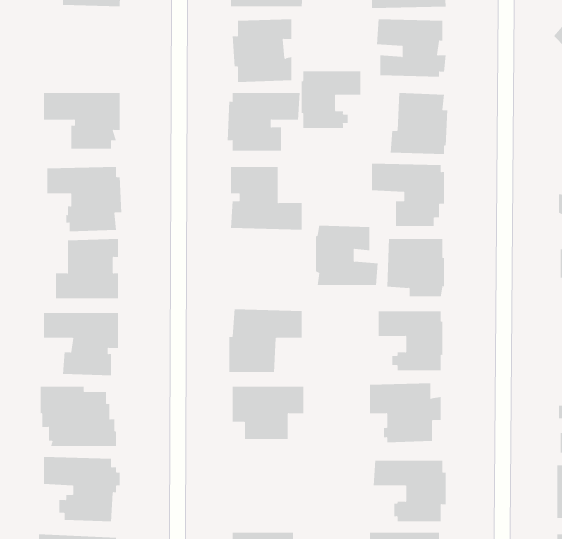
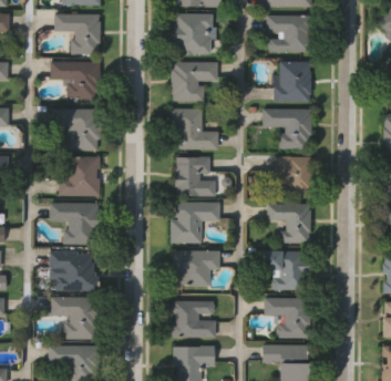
building: none -> [55,14,102,53]
building: [301,70,361,129] -> none
building: [315,225,379,285] -> [174,156,215,195]
building: none -> [171,301,215,337]

